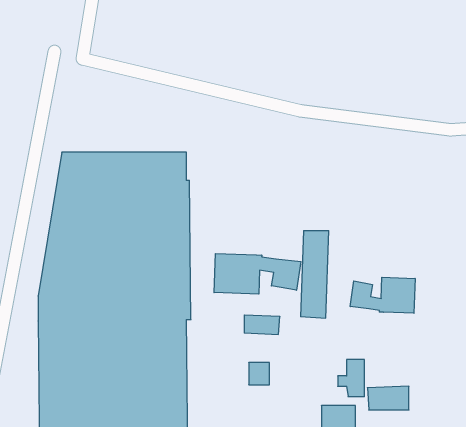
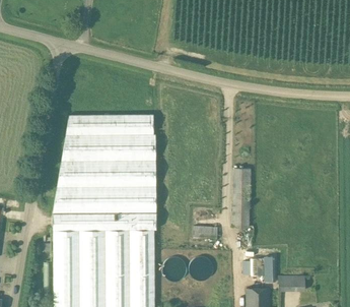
building: [214,254,301,294] -> none
building: [350,277,415,313] -> none

